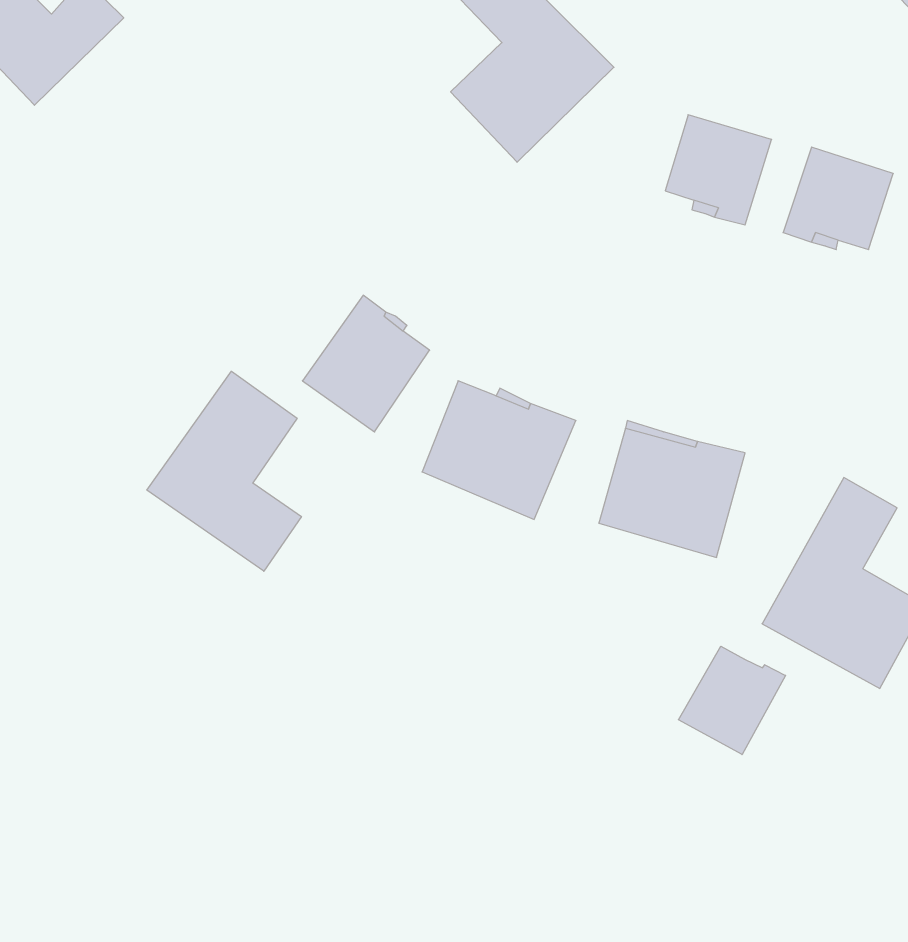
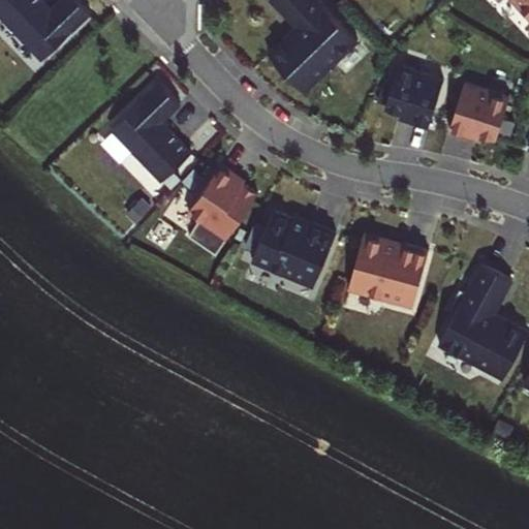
building: none -> [110,84,190,183]
building: [147,371,301,571] -> none
building: [678,646,786,755] -> none

